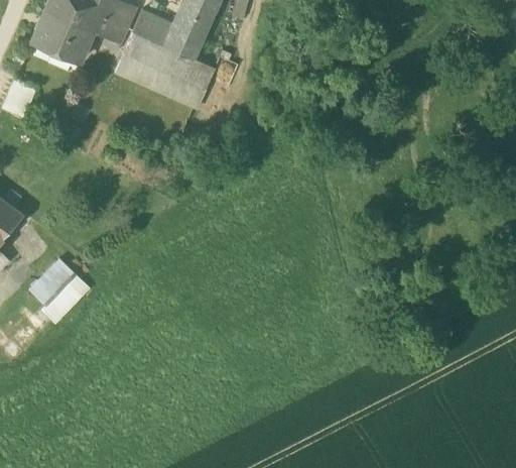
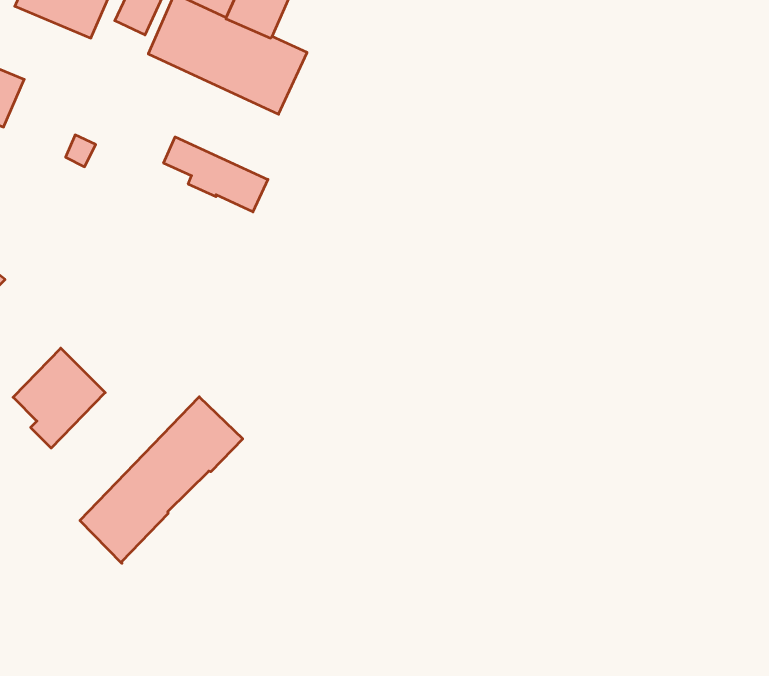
building: none -> [164,137,268,212]
building: none -> [80,397,243,563]

